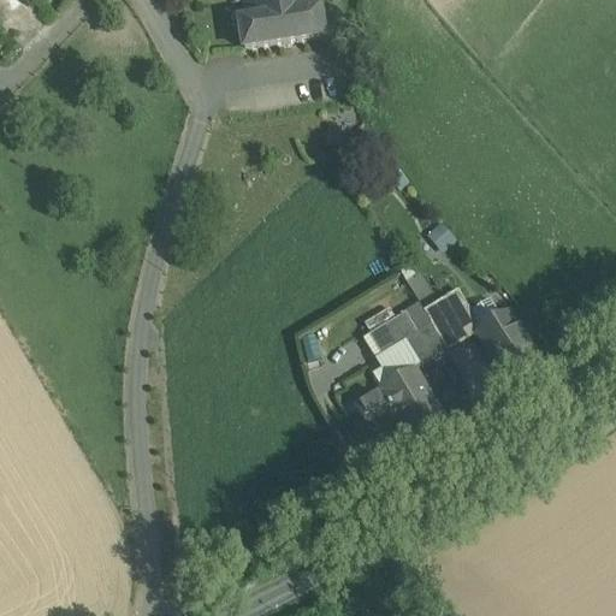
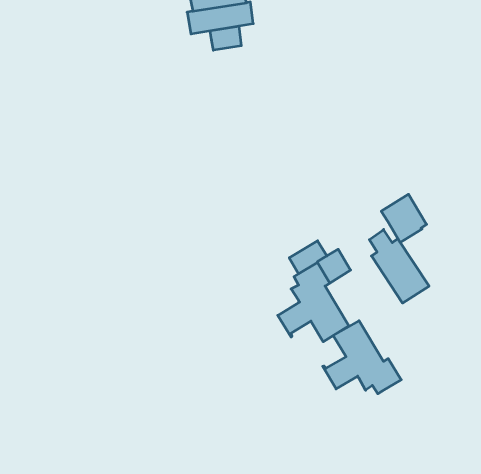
building: none -> [210,26,241,50]
building: [422,283,480,344] -> [381,194,427,242]
building: none -> [323,321,401,394]

